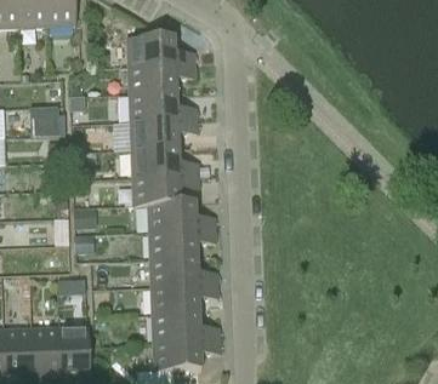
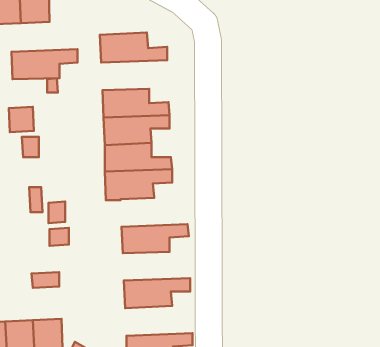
building: [127,63,194,93] -> [11,49,77,79]
building: [147,201,215,231] -> none
building: [149,257,217,286] -> none
building: [152,311,220,342] -> none

